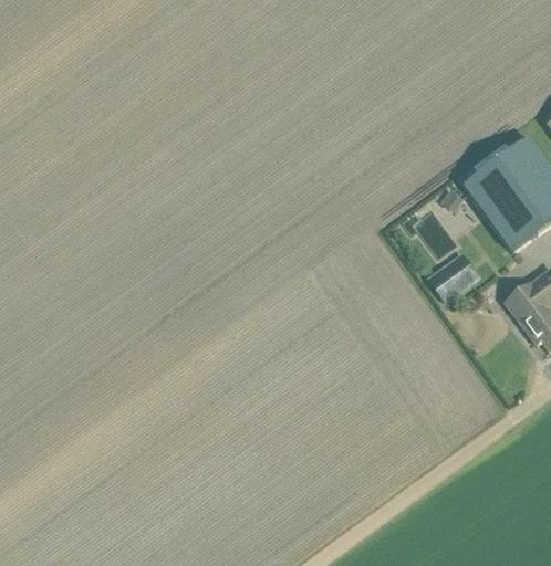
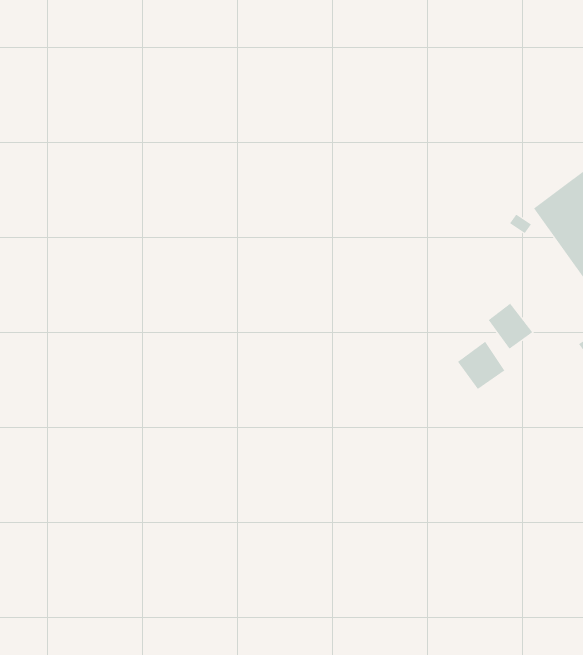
building: none -> [457,341,505,390]

